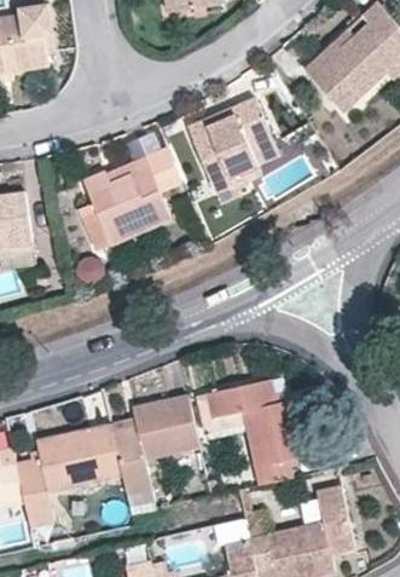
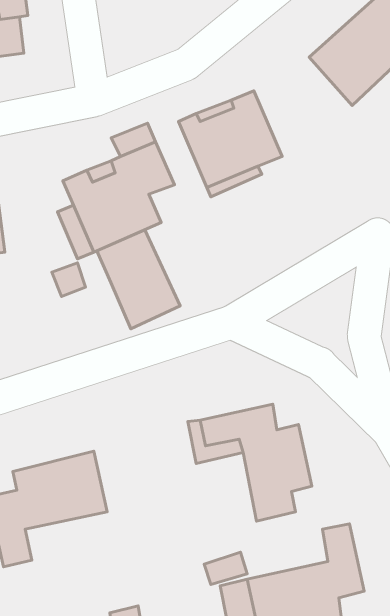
building: none -> [97,230,180,329]
building: [111,394,199,512] -> none

